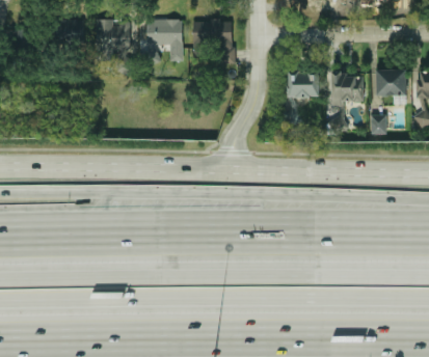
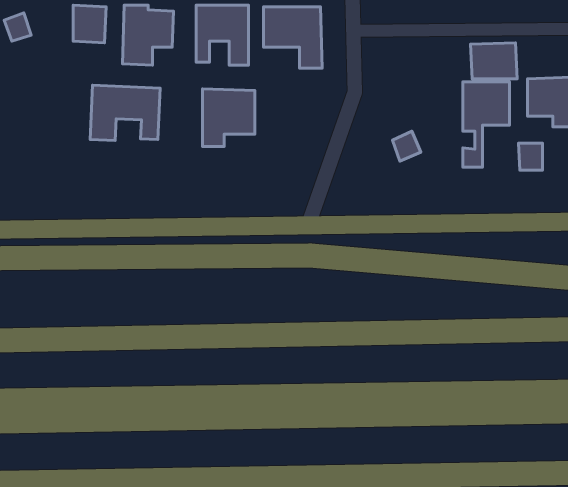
building: [286,73,318,98] -> [471,43,517,79]
building: none -> [90,85,160,141]
building: none -> [202,89,255,146]

